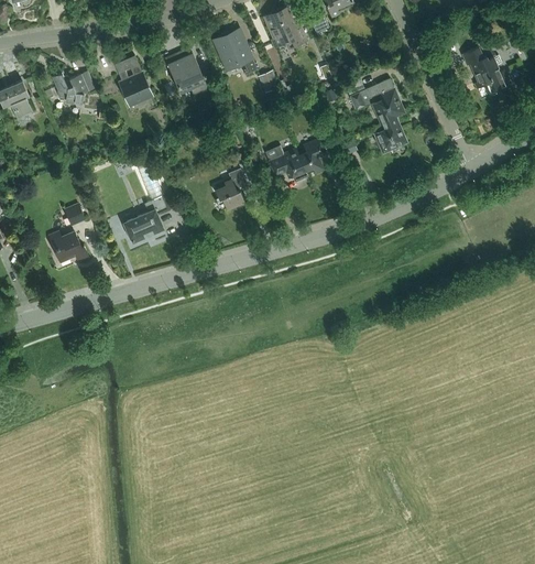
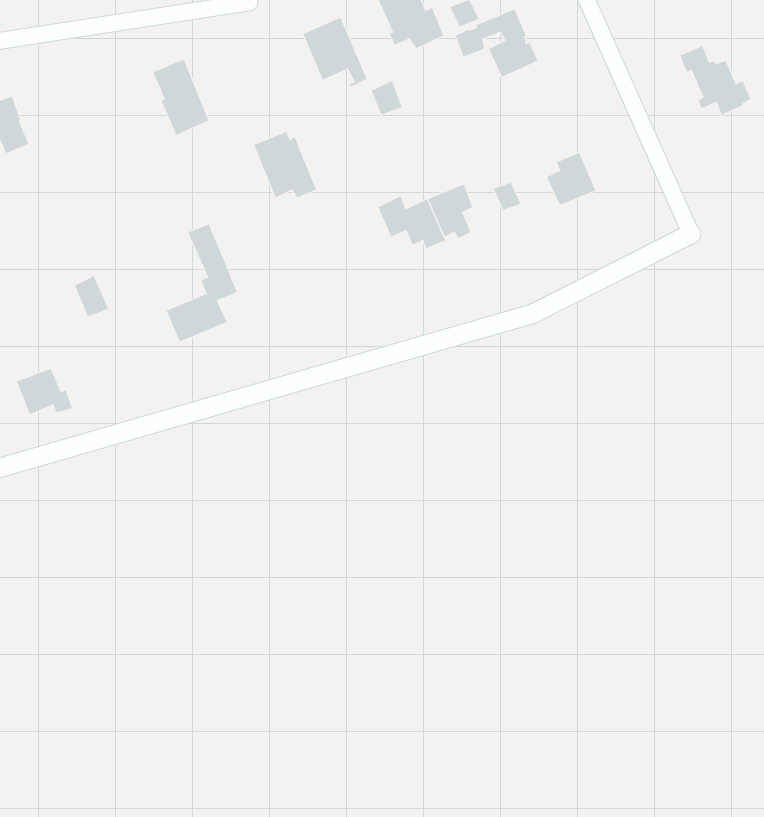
building: [165,50,207,94] -> [253,131,317,198]
building: [52,73,89,106] -> none
building: [350,79,405,124] -> [455,9,538,77]
building: [216,169,248,209] -> none
building: [52,231,89,262] -> [16,368,73,415]

